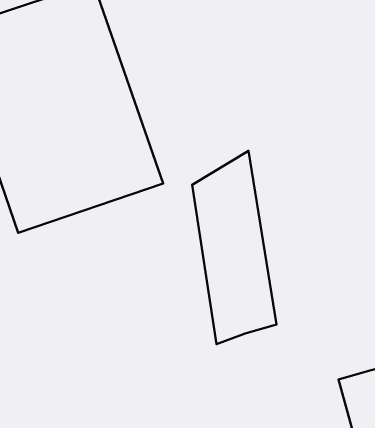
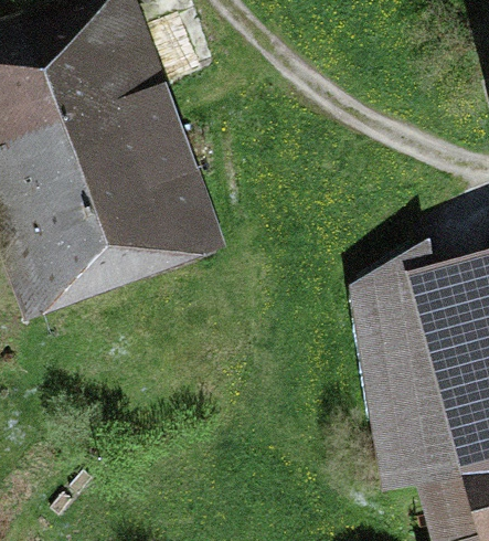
building: [192,151,276,344] -> [359,253,463,491]

